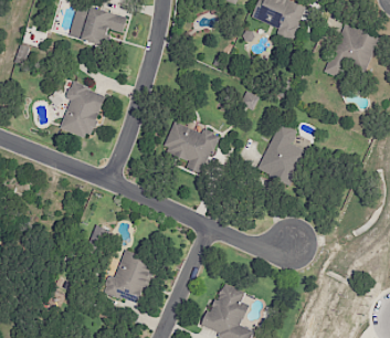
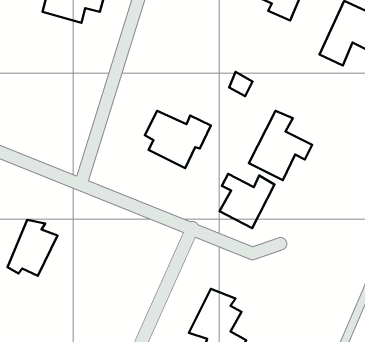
building: [59,78,106,137] -> none
building: none -> [220,174,275,228]
building: [110,251,156,302] -> [7,220,58,276]

